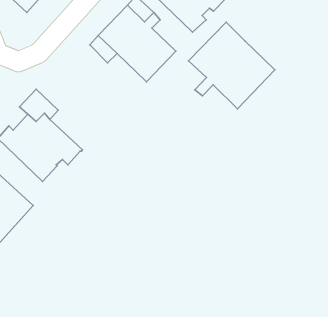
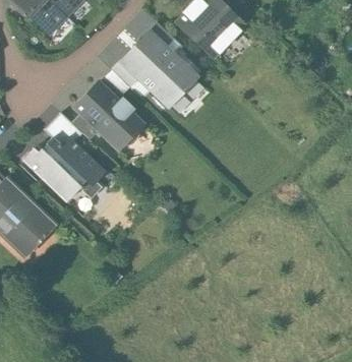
building: [189,22,275,109] -> none
building: none -> [73,81,142,149]

